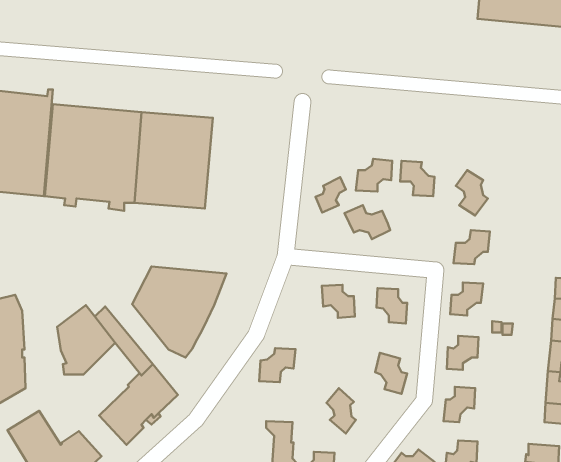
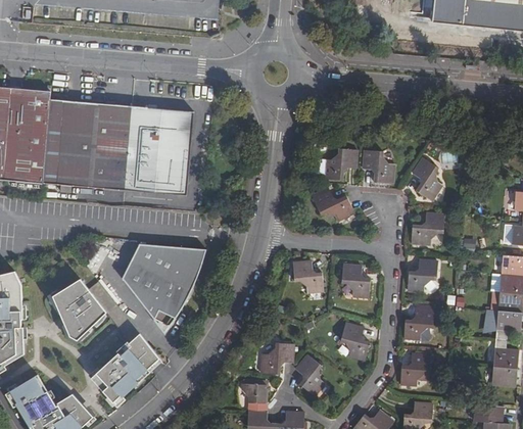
building: [315,177,346,212] -> none
building: [259,348,296,382] -> [259,343,292,374]

